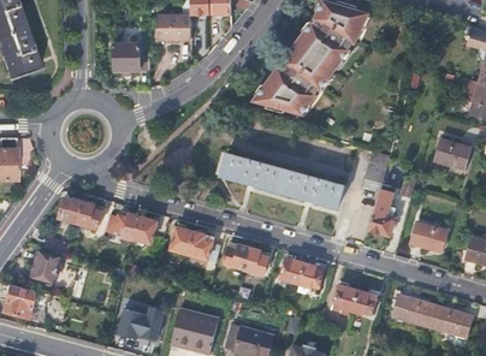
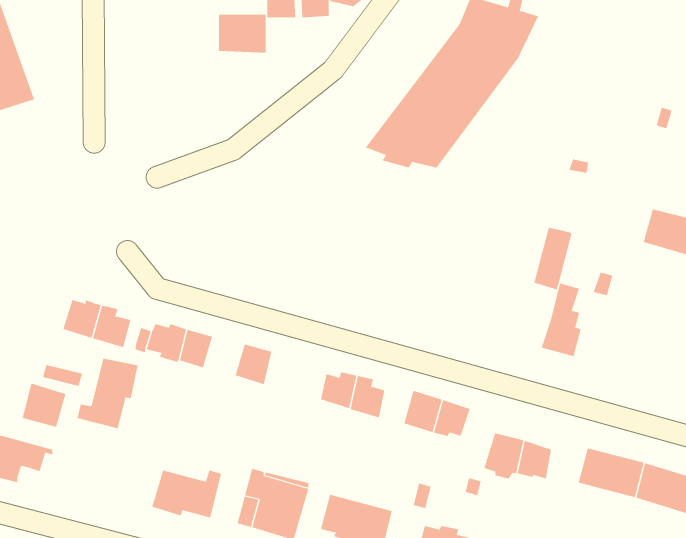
building: [112,44,148,72] -> none
building: [219,154,343,208] -> none
building: [410,222,448,253] -> none
building: [189,232,219,261] -> none
building: none -> [77,358,138,429]

